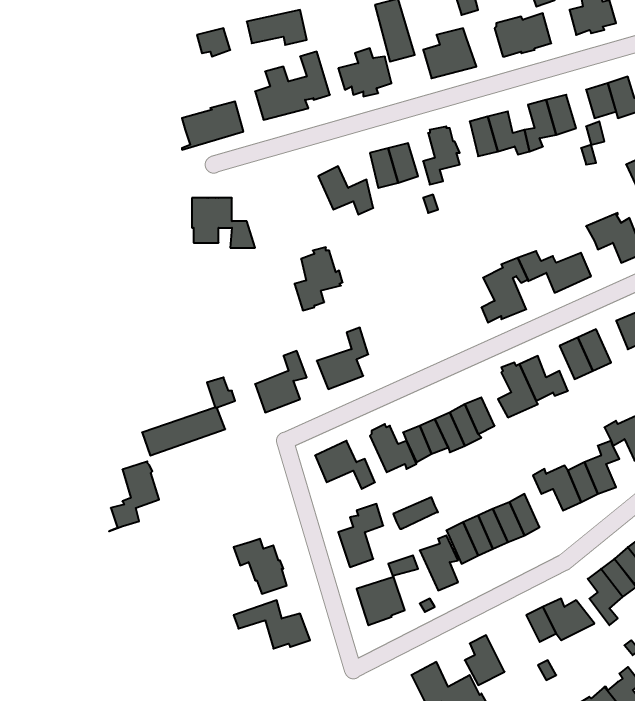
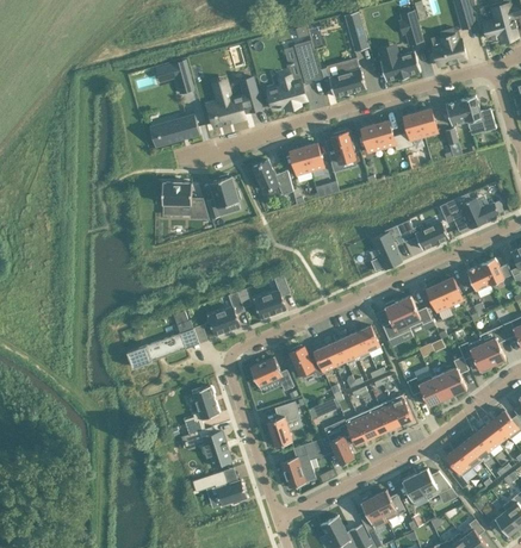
building: [294,247,343,310] -> [205,174,240,219]
building: [109,461,159,531] -> [182,386,218,436]
building: none -> [373,490,404,521]

